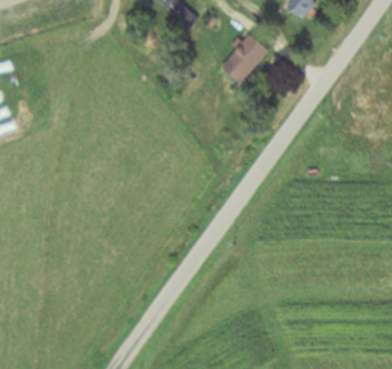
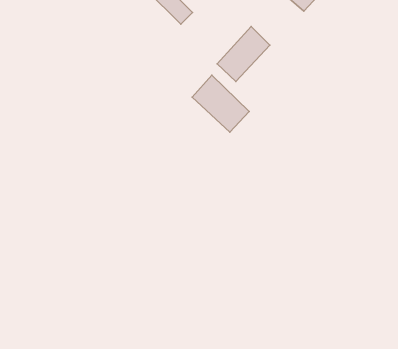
building: none -> [192,75,249,132]

